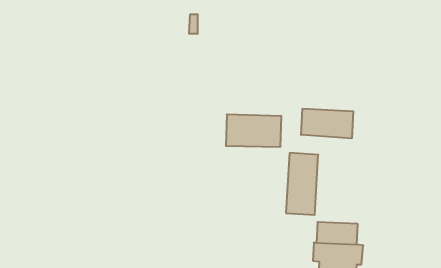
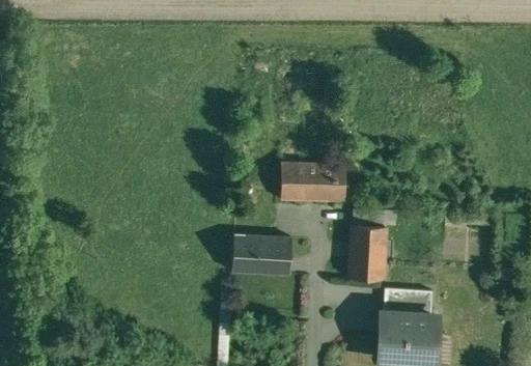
building: [301,109,353,138] -> none
building: none -> [233,235,290,275]

